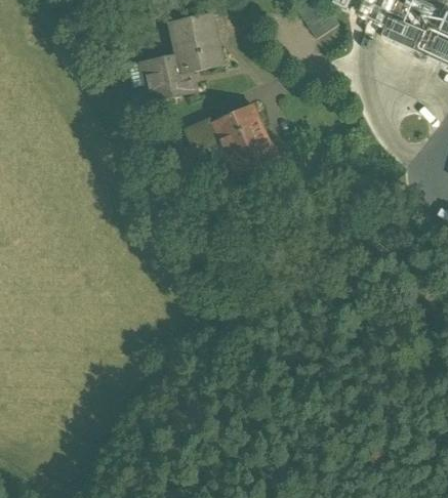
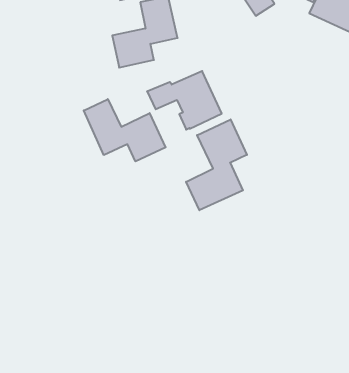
building: none -> [84,99,166,161]
building: none -> [186,119,247,210]

